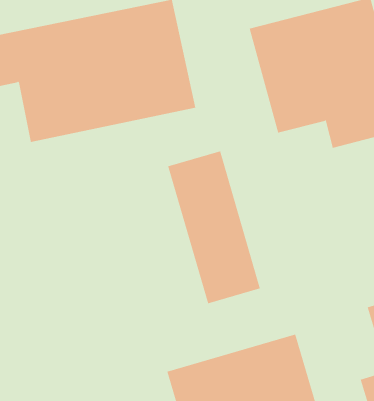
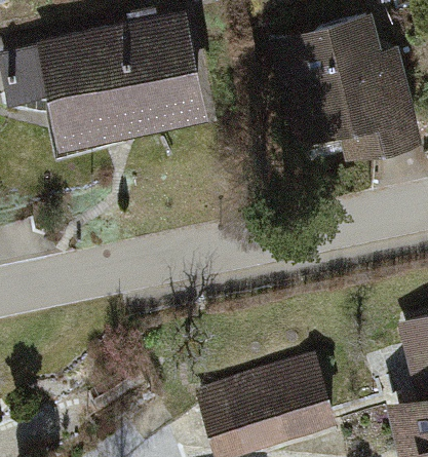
building: [168,151,261,304] -> none

